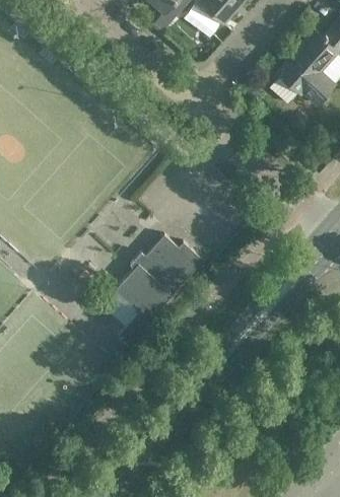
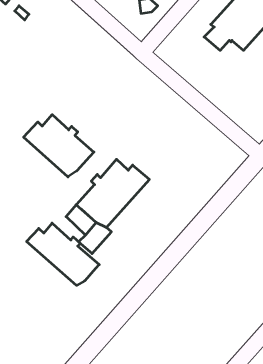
building: none -> [24,115,94,177]
building: none -> [27,223,99,285]

